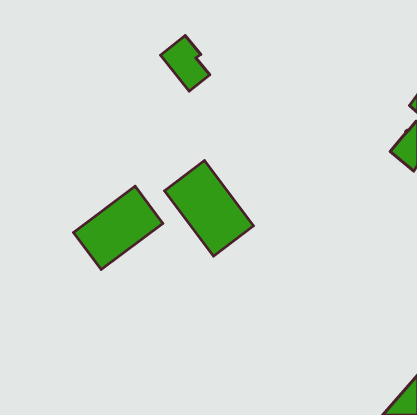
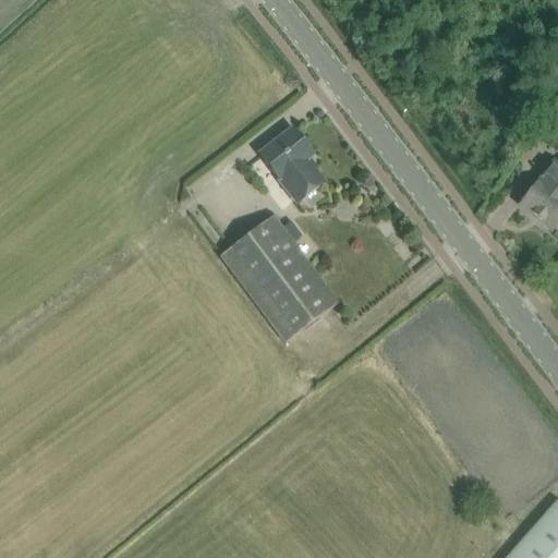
building: [161,36,210,91] -> [259,128,325,202]
building: [74,186,163,270] -> none

